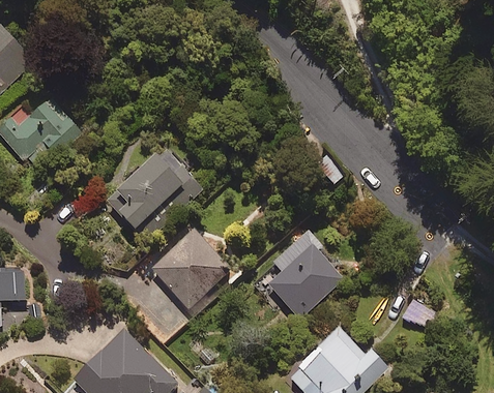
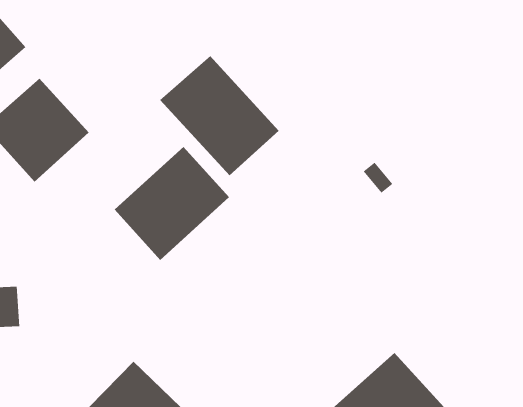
building: none -> [159,55,279,176]
building: [148,229,232,311] -> none
building: [257,232,347,321] -> none

